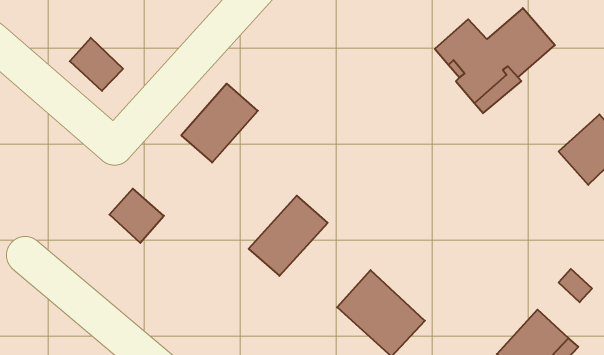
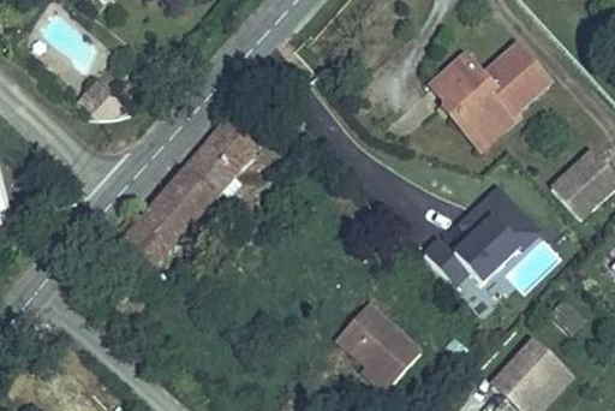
building: none -> [425,185,538,286]
building: [249,196,328,276] -> [138,171,215,249]

